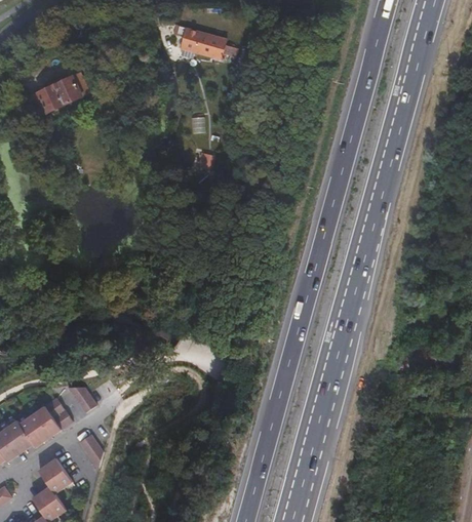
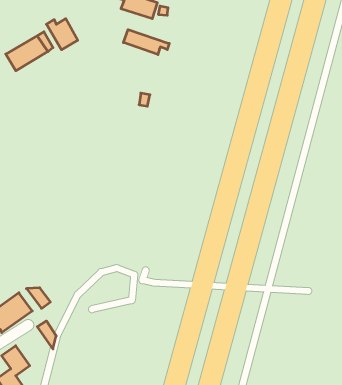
building: none -> [46,19,78,50]
building: none -> [123,30,169,55]

